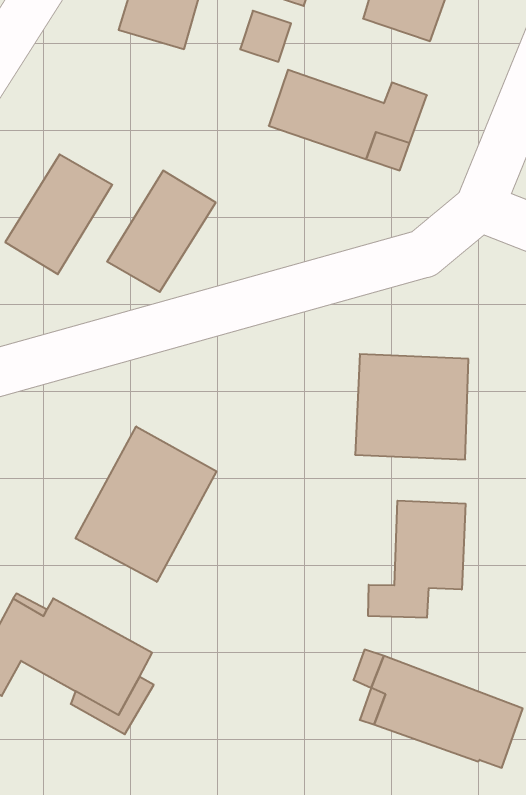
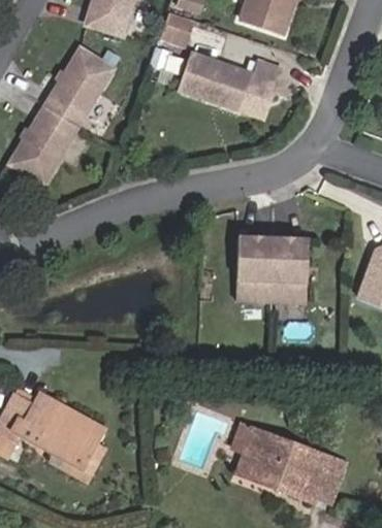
building: [107,171,216,292] -> [43,47,114,126]
building: [76,426,216,582] -> none
building: [368,501,465,618] -> none

